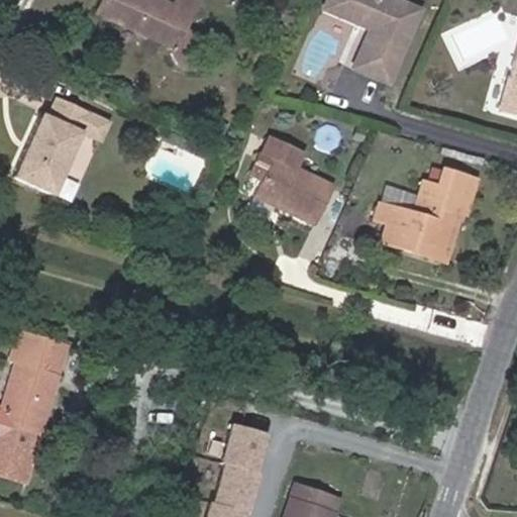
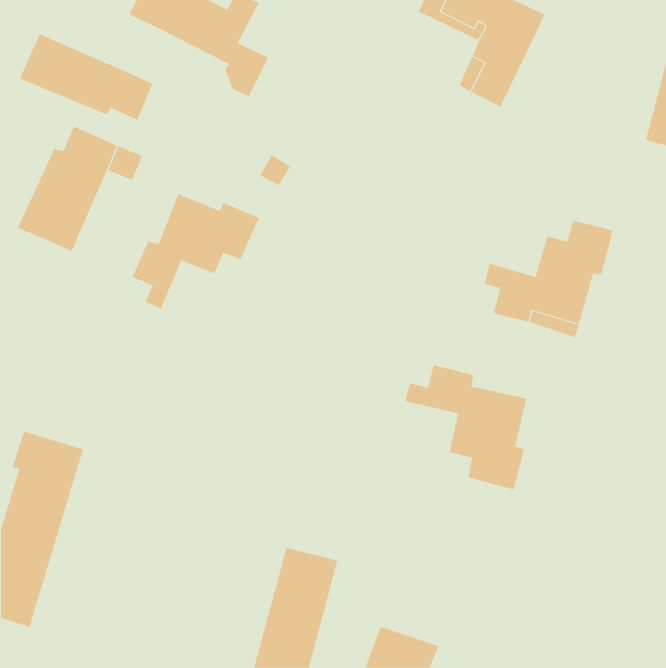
building: none -> [19,34,153,120]
building: [253,137,333,222] -> none
building: none -> [132,193,259,310]
building: none -> [405,364,527,490]

